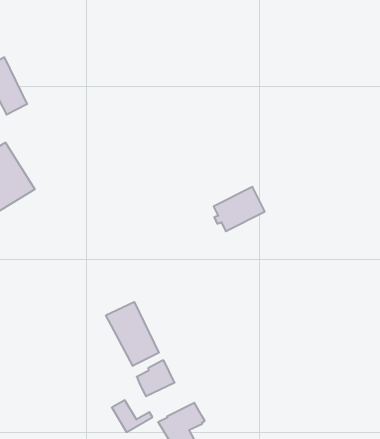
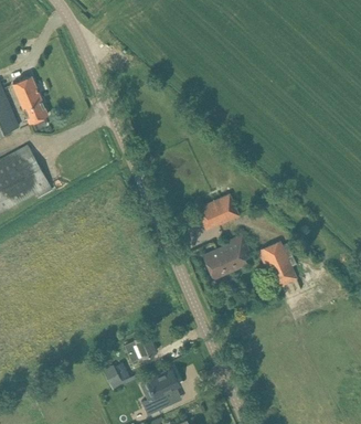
building: none -> [203,235,251,279]
building: none -> [262,242,297,289]
building: [106,302,159,366] -> none

